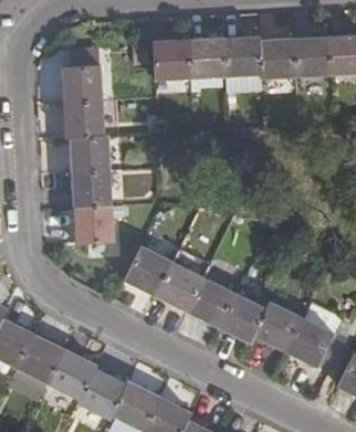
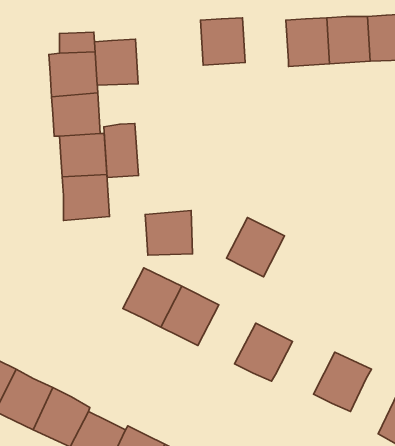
building: [223,34,262,74] -> none
building: [154,39,190,77] -> [95,39,138,85]
building: none -> [104,123,138,177]
building: [73,203,113,241] -> [145,210,193,255]
building: [186,277,234,327] -> [227,217,284,277]
building: [251,301,301,352] -> none

